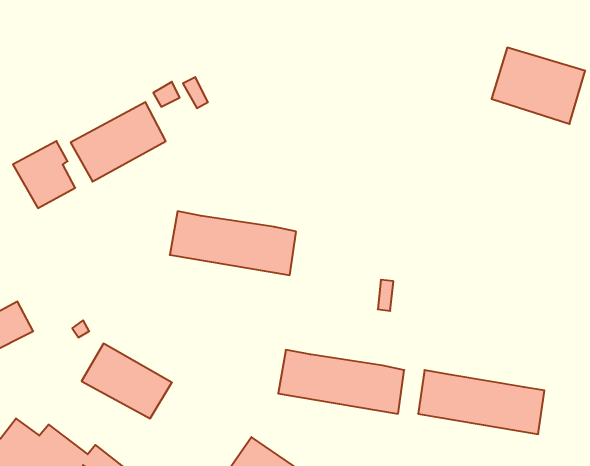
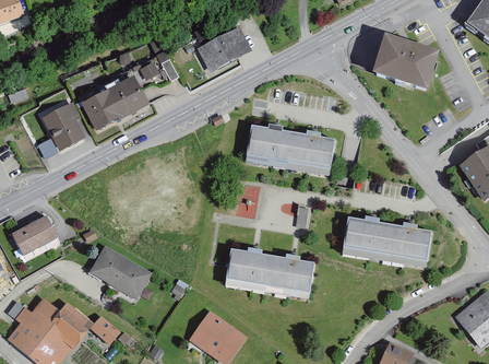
building: none -> [194,26,249,71]
building: [170,211,296,275] -> [248,127,336,172]
building: [418,370,544,434] -> [343,216,431,261]

